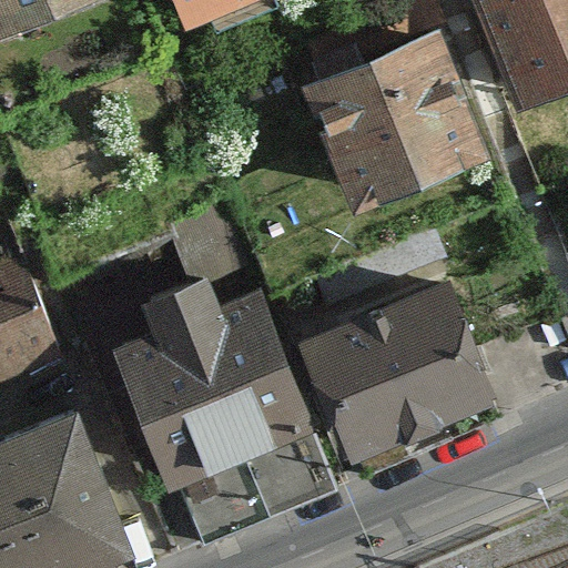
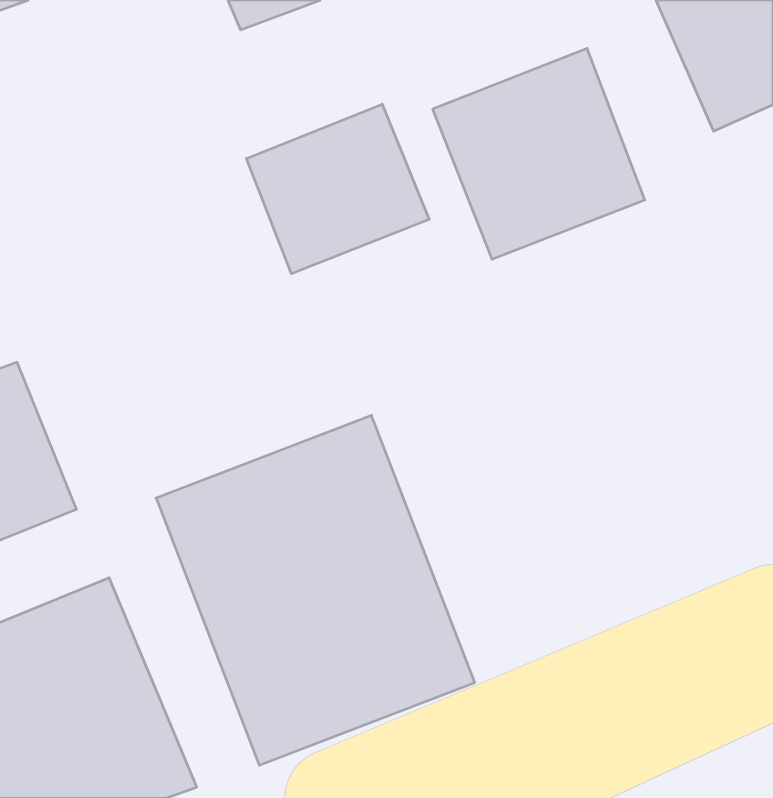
building: none -> [246,104,429,274]
building: [302,284,506,478] -> none

